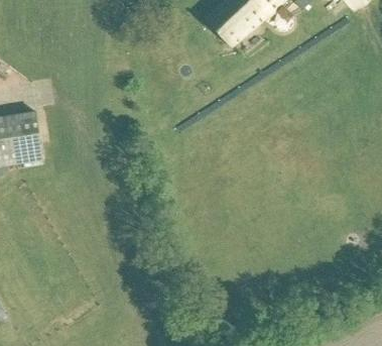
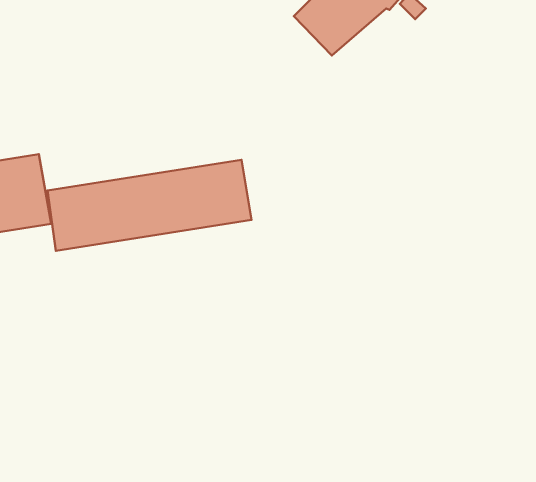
building: none -> [47,160,251,251]

